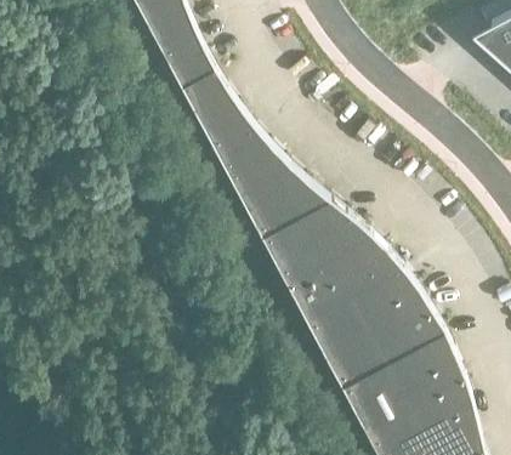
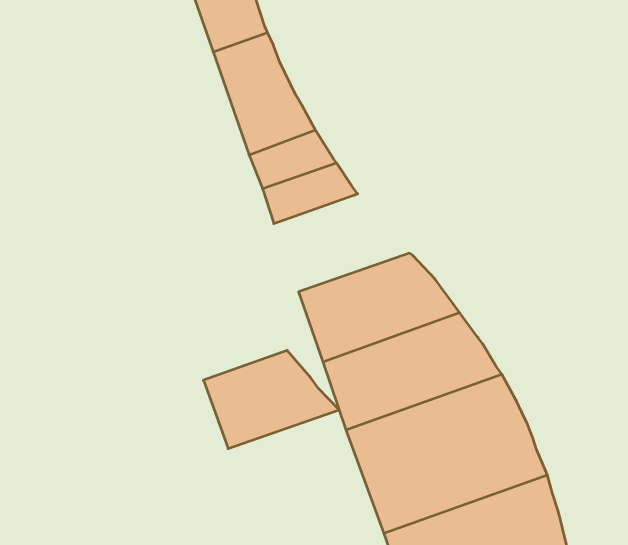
building: [239,167,331,238] -> [203,350,339,449]

